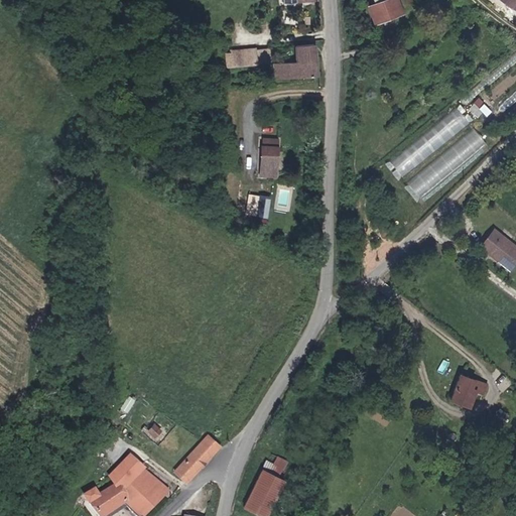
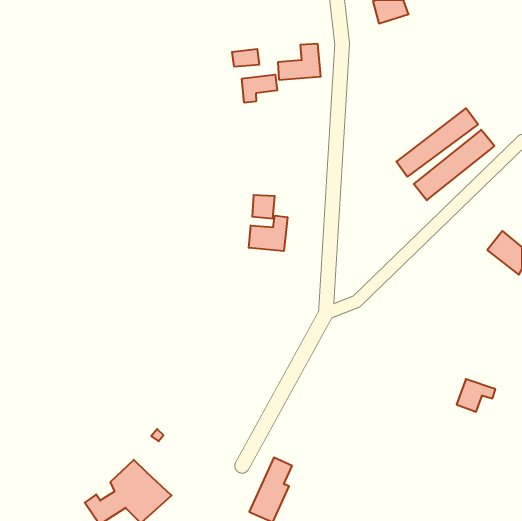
building: none -> [242,75,277,103]
building: [264,139,278,175] -> none
building: none -> [249,216,287,251]
building: [175,435,220,481] -> none

